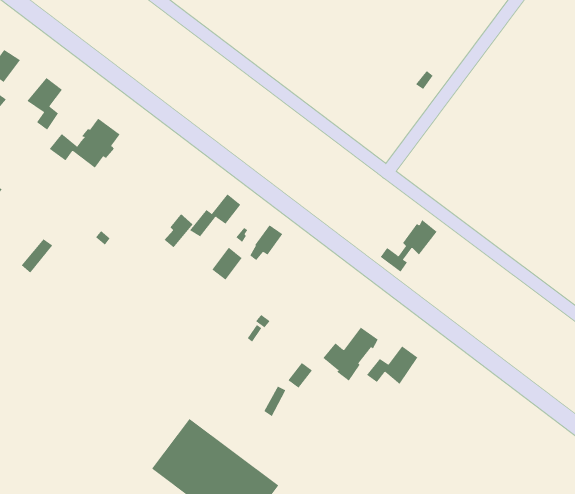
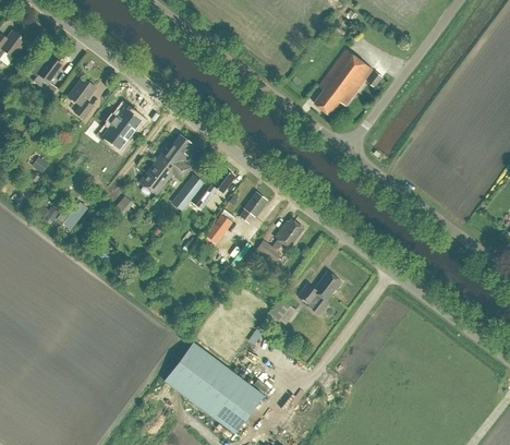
building: none -> [315,48,374,113]
building: none -> [139,134,191,193]
building: [380,219,437,272] -> [258,218,303,260]
building: [366,345,418,385] -> none

